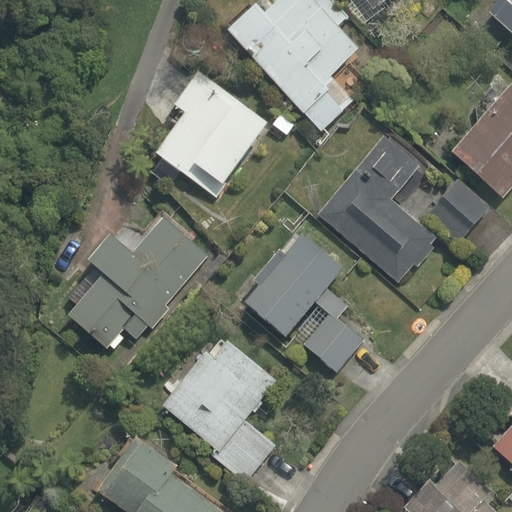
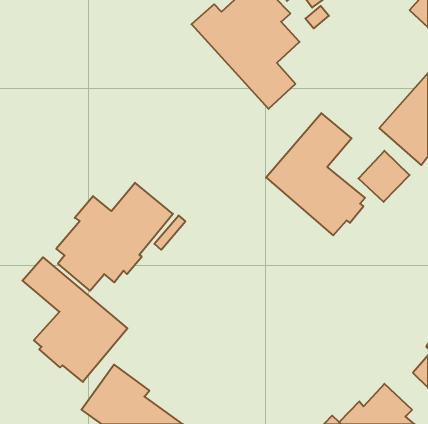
building: [151,72,266,195] -> none
building: [244,235,362,371] -> none
building: none -> [22,257,127,382]
building: [163,340,276,481] -> none

